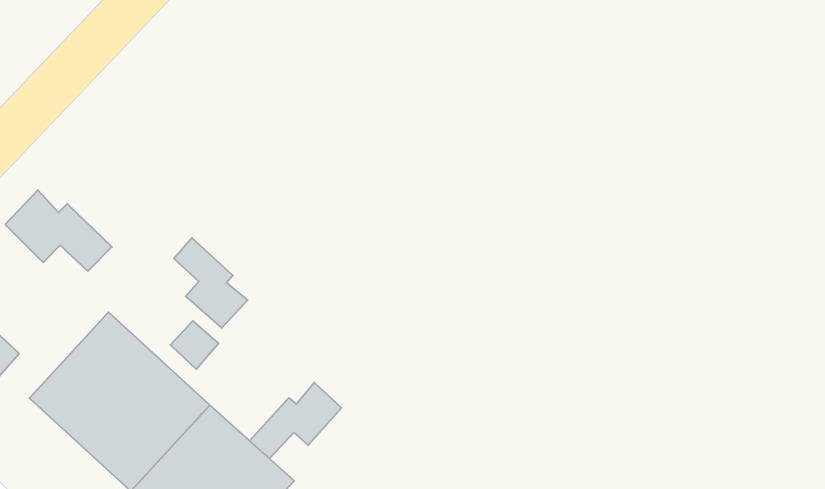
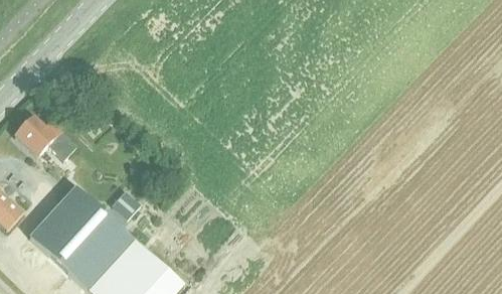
building: [174,238,248,328] -> none
building: [250,382,341,458] -> none

